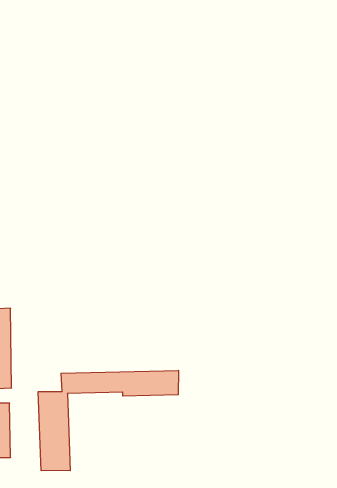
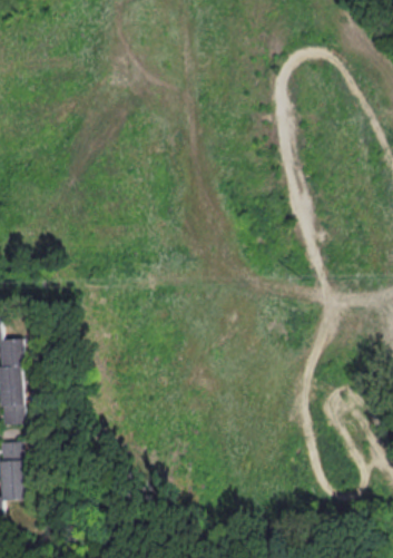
building: [38,370,178,471] -> none

